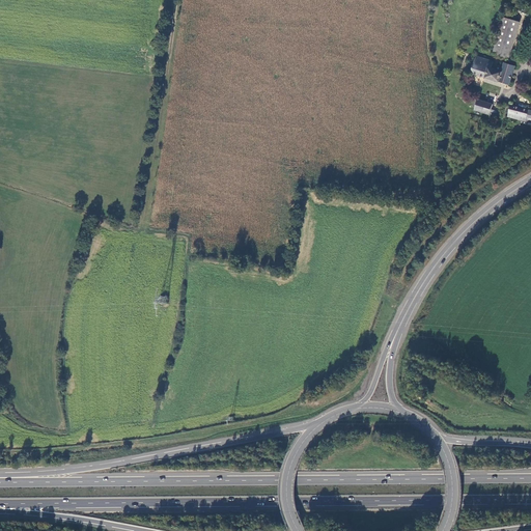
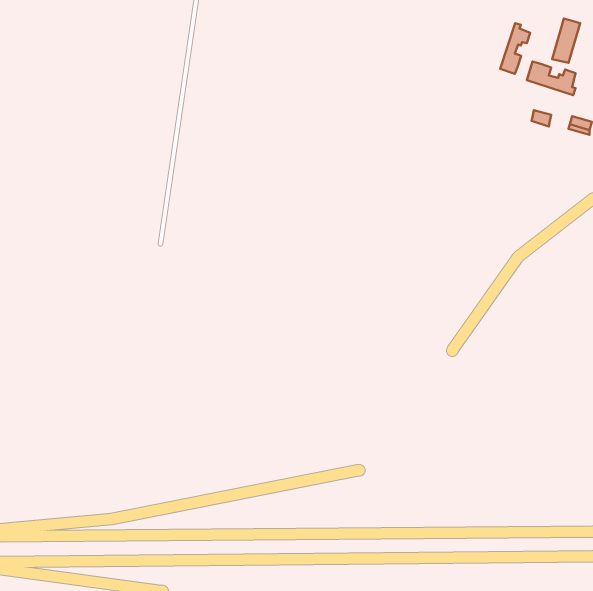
building: none -> [500,23,530,74]

